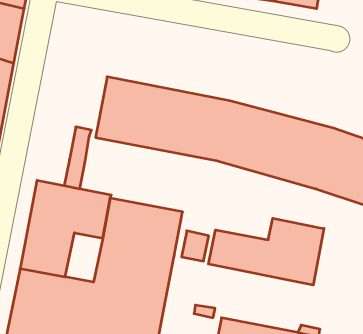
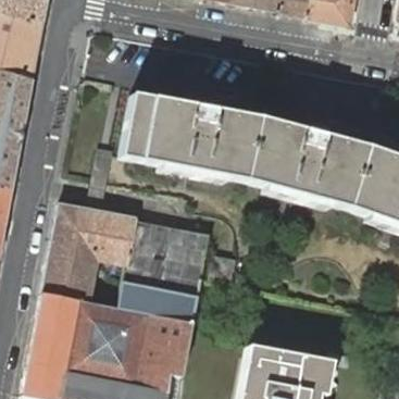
building: [208,218,324,285] -> none

